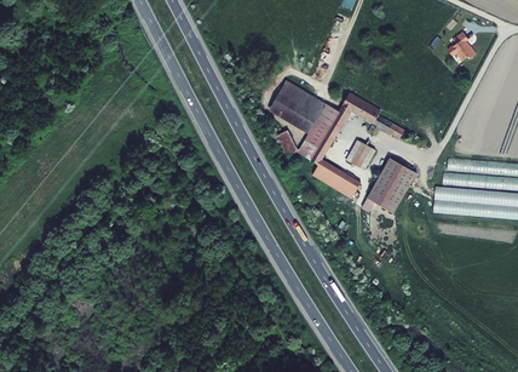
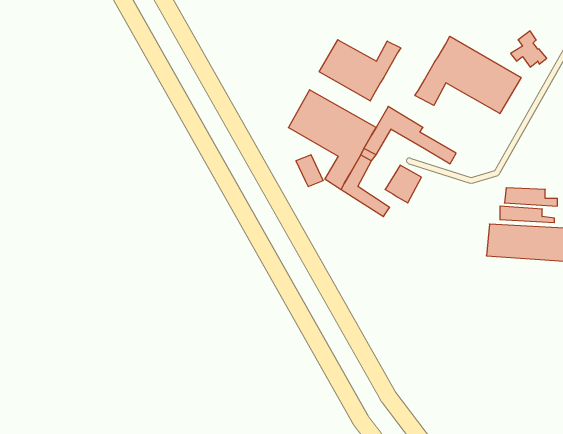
building: none -> [415,36,521,114]
building: none -> [319,40,401,101]
building: [366,158,415,213] -> none

